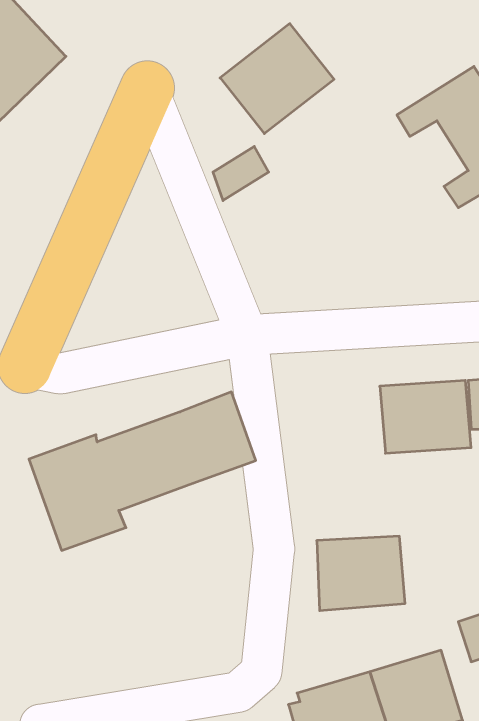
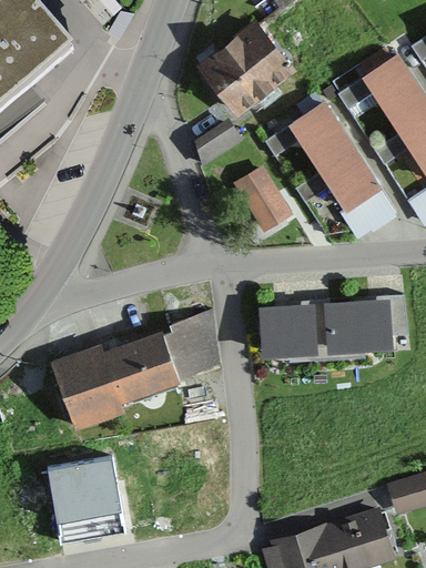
building: none -> [264,104,395,239]
building: none -> [233,163,290,230]
building: [317,536,405,611] -> [262,303,331,361]
building: none -> [50,449,126,537]

